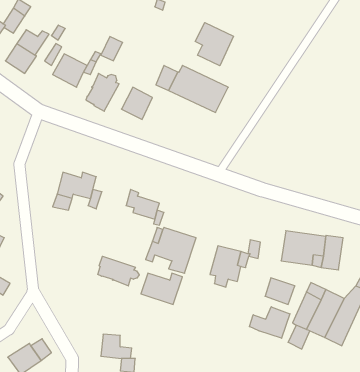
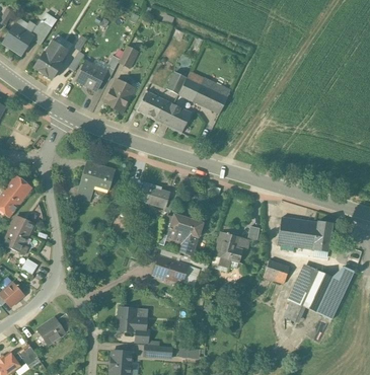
building: [195,23,234,66] -> none
building: none -> [155,100,192,133]
building: [98,256,139,286] -> none
building: [249,307,290,338] -> none

